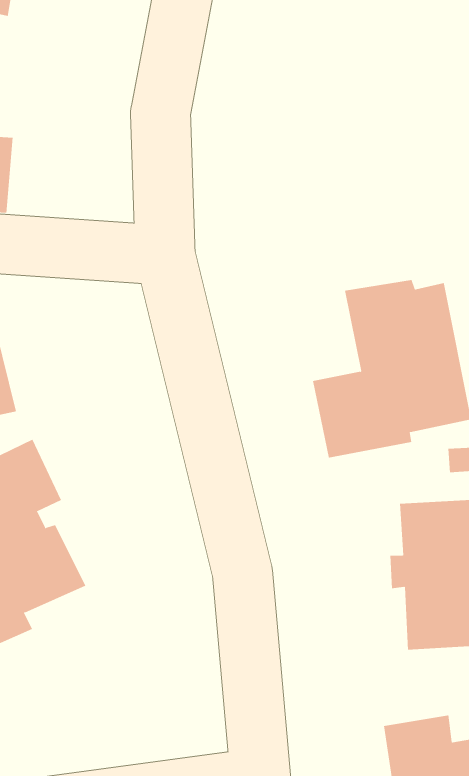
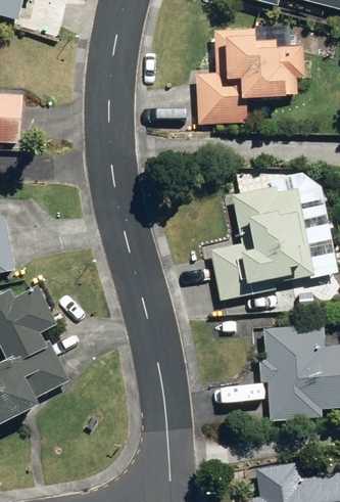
building: none -> [197,29,302,124]

